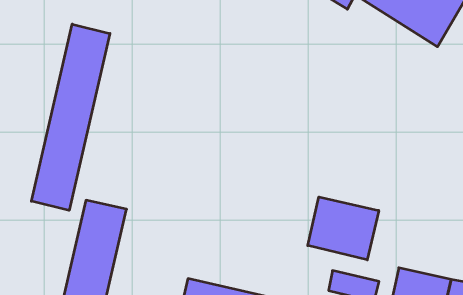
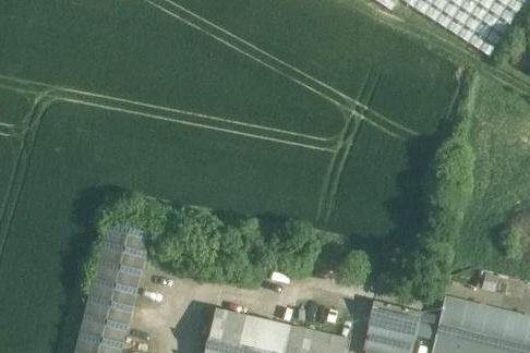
building: [31,24,110,210] -> none
building: [308,197,379,260] -> none

